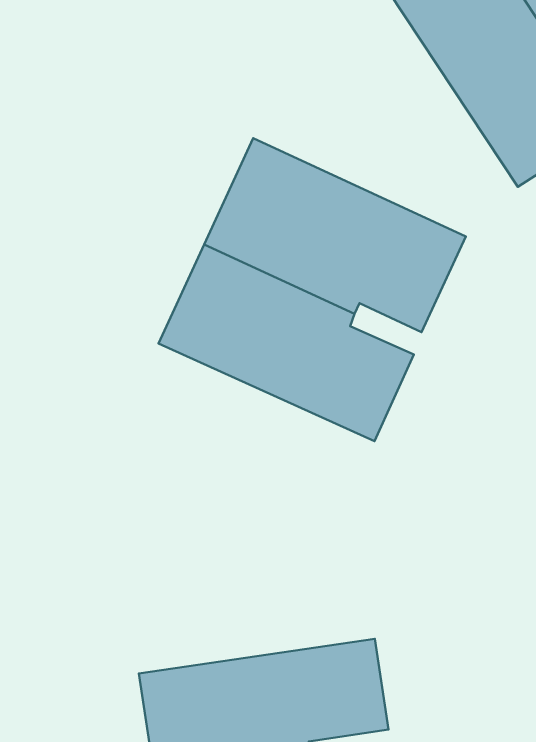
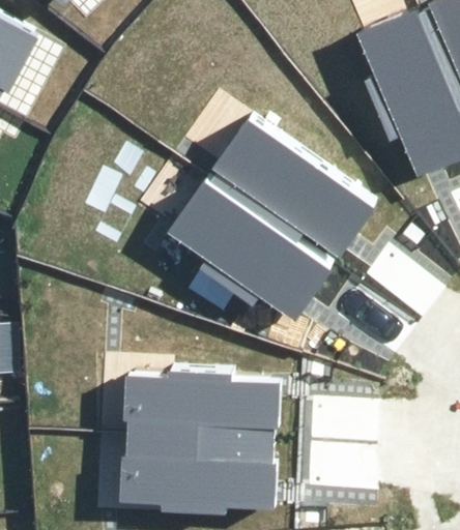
building: none -> [123,370,279,445]

